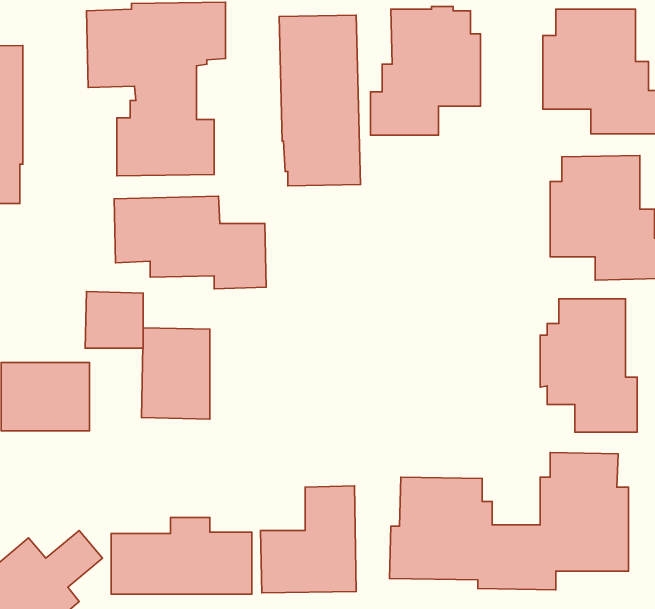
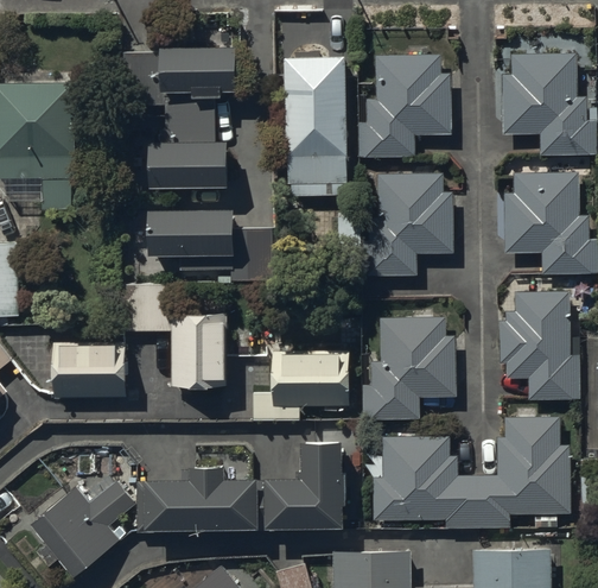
building: none -> [362,175,452,277]
building: none -> [363,318,454,421]
building: none -> [253,349,349,419]

